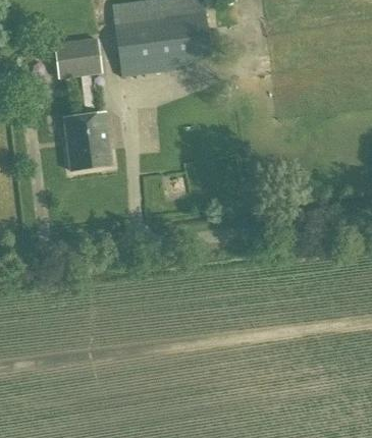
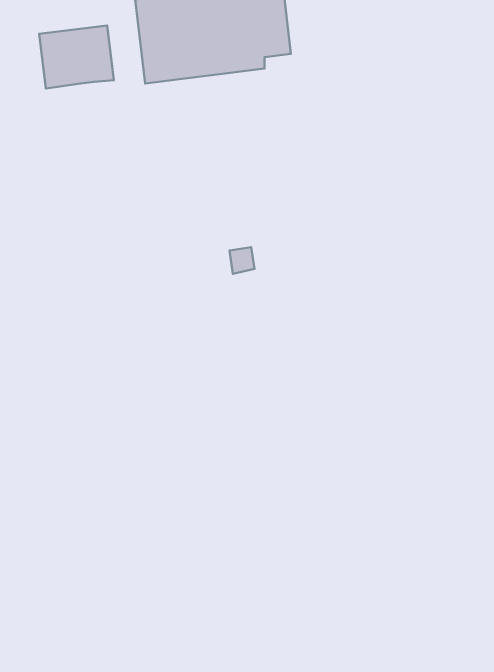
building: [62,72,113,169] -> none

